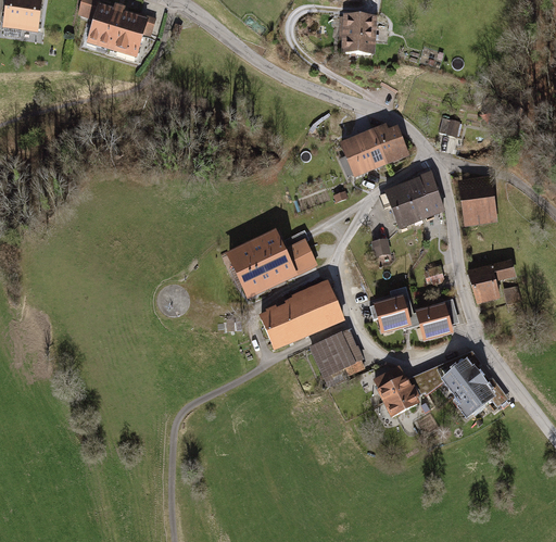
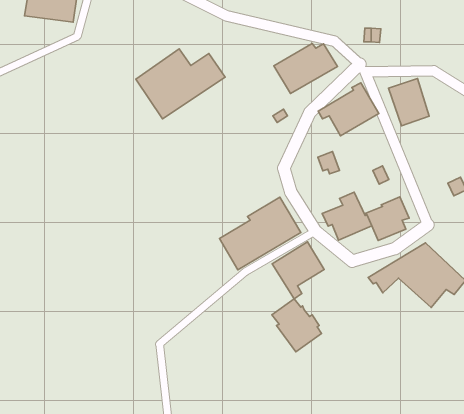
building: [224,227,317,298] -> [136,49,225,119]
building: [469,260,518,308] -> none
building: [371,364,420,419] -> [272,299,321,352]

